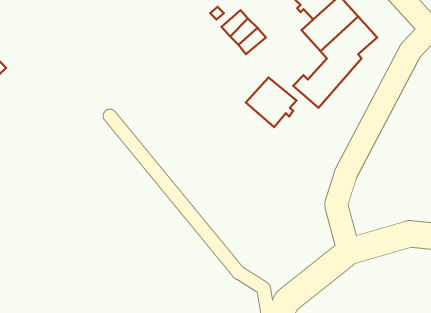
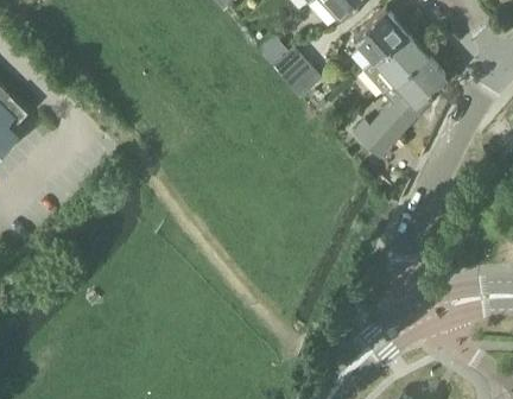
building: [246,77,297,127] -> none

